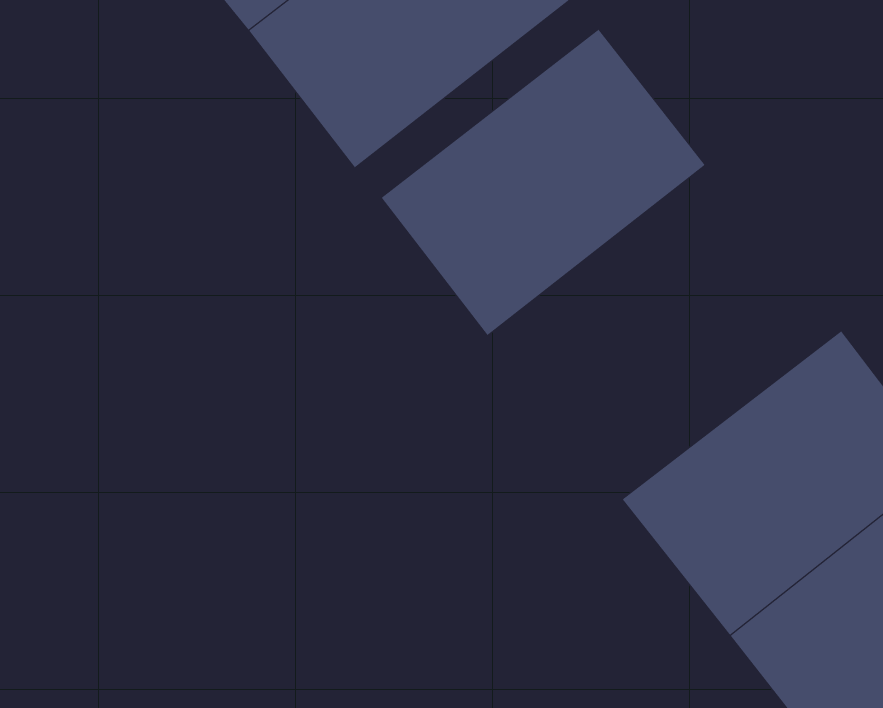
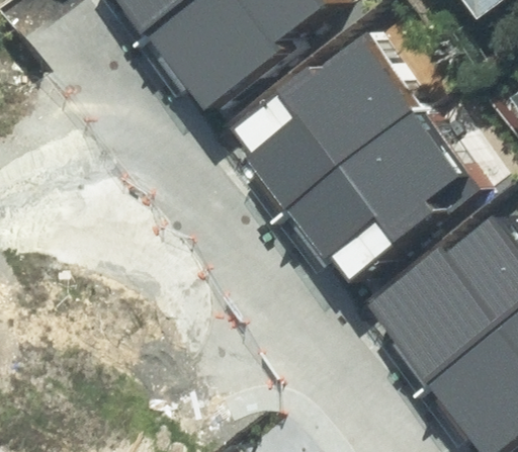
building: none -> [286,108,476,286]

